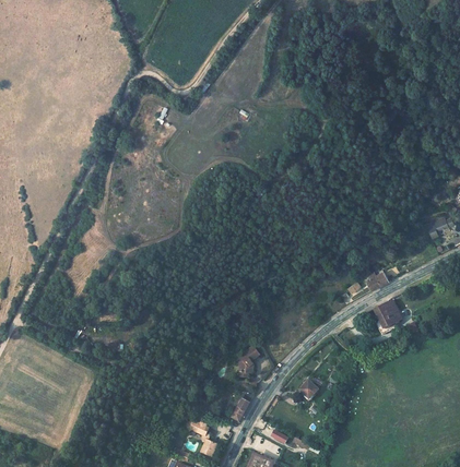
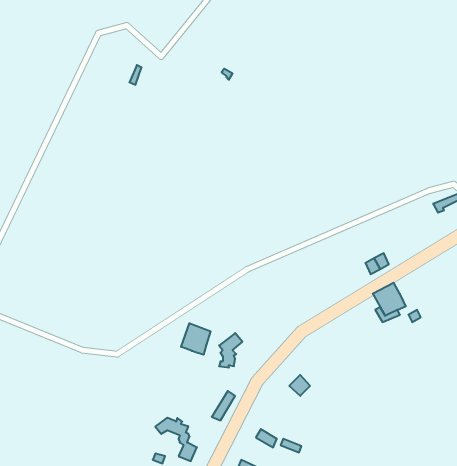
building: none -> [181,323,211,355]

